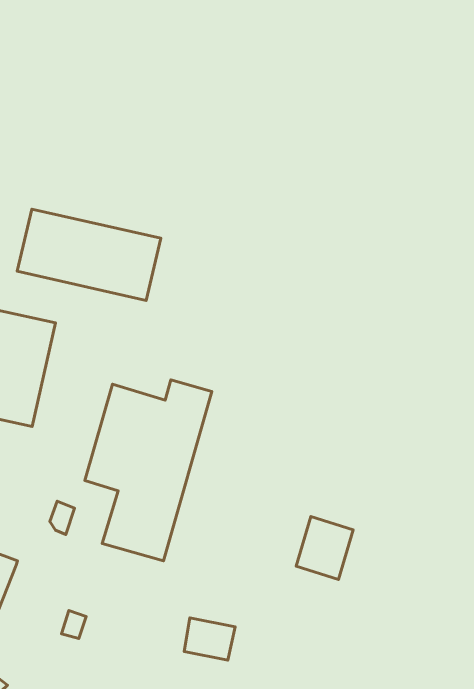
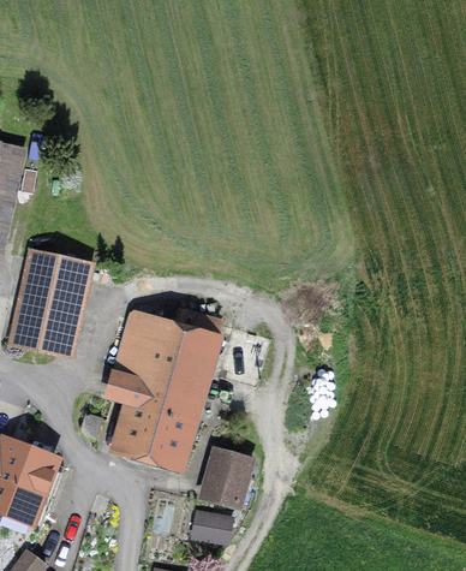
building: [17,209,161,300] -> none
building: [296,517,353,579] -> [203,456,250,507]

